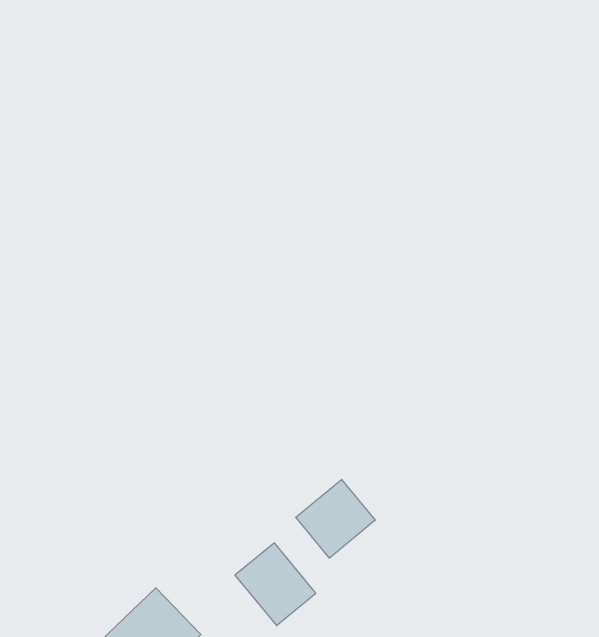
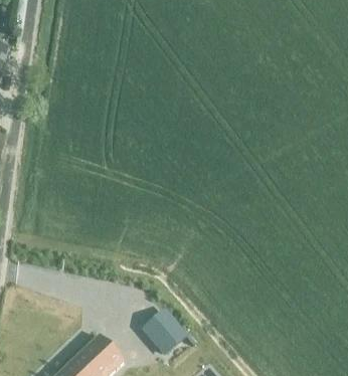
building: [296,479,375,558] -> none

